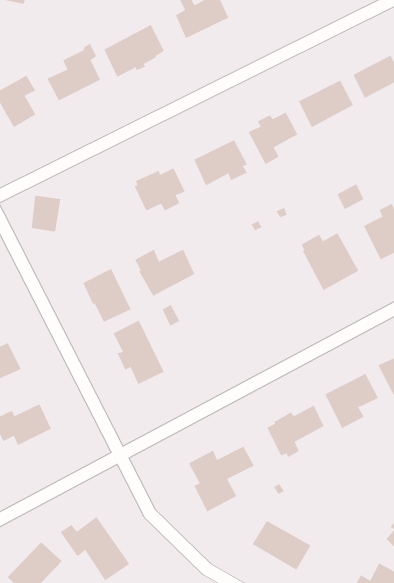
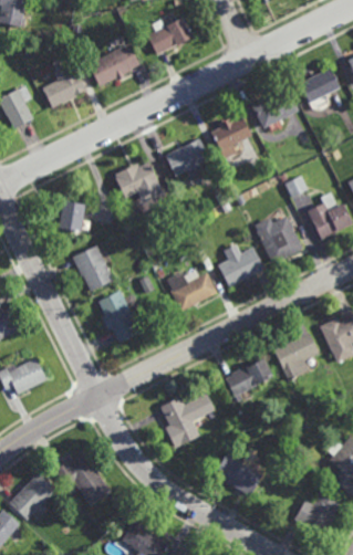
building: [31,195,61,232] -> [60,200,85,231]
building: [134,249,195,297] -> [166,271,217,311]
building: none -> [217,244,264,286]

